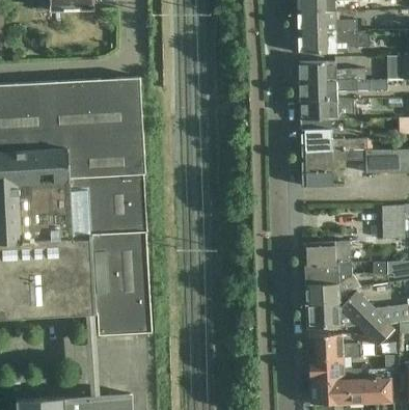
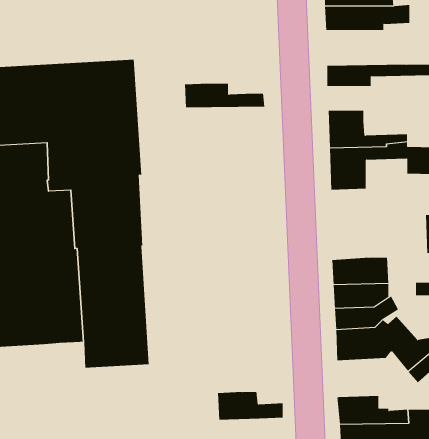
building: [298,61,365,82] -> [184,83,265,108]
building: [299,100,352,119] -> none
building: [307,334,362,358] -> [217,392,283,420]

